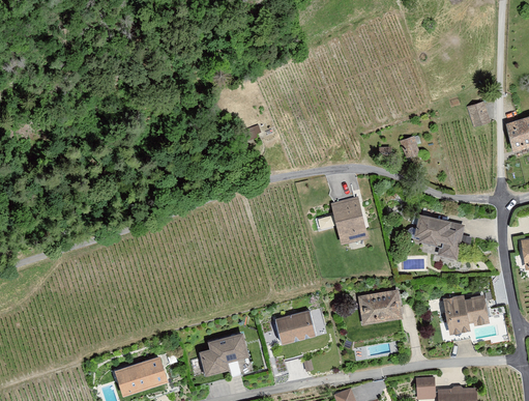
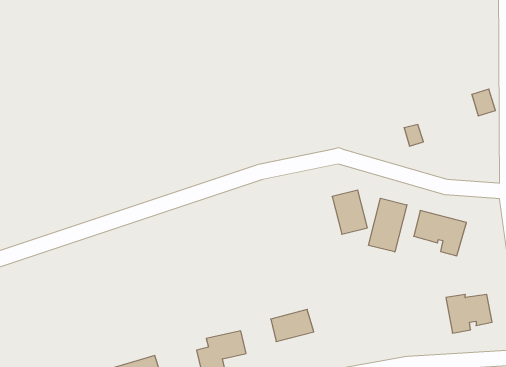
building: none -> [369,198,407,252]
building: [358,291,399,323] -> none

